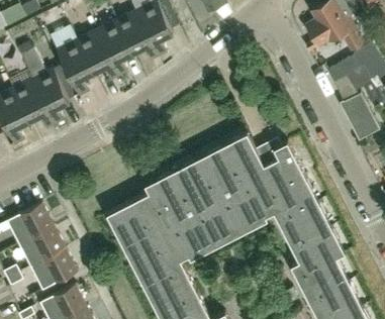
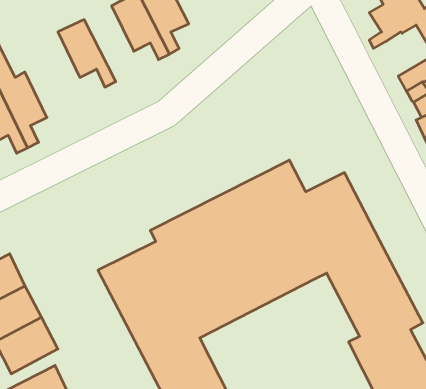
building: [97,20,133,76] -> none
building: [58,39,94,96] -> none

